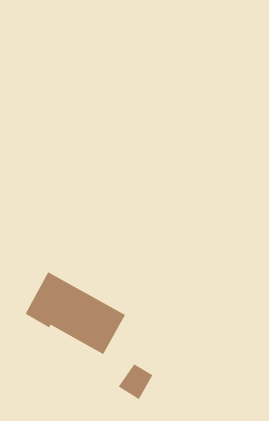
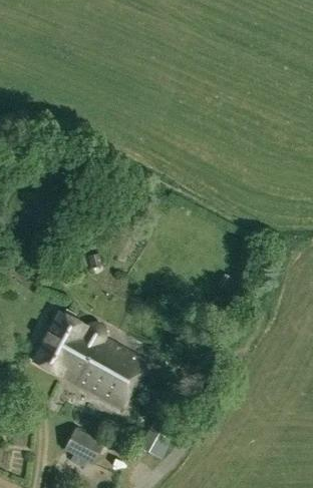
building: none -> [63,429,105,467]

